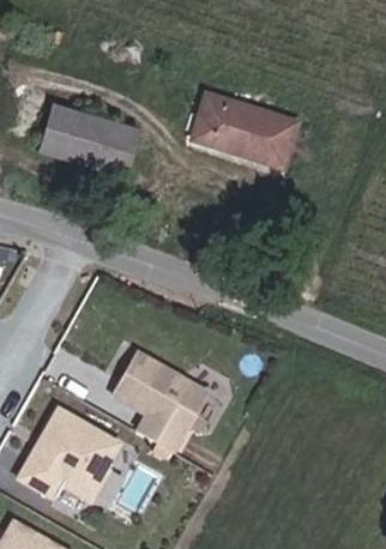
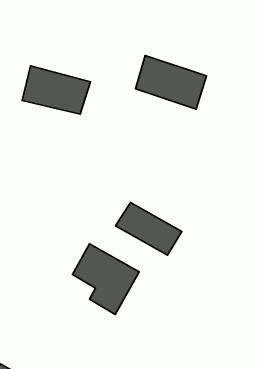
building: none -> [116,202,182,255]
building: [17,410,117,501] -> none

